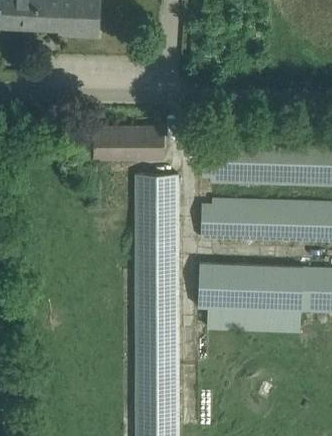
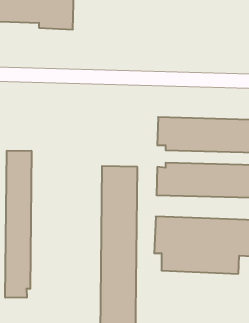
building: [95,127,164,157] -> none
building: [135,173,181,203] -> none
building: none -> [5,151,31,298]

